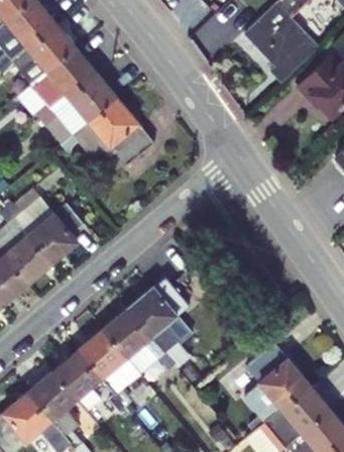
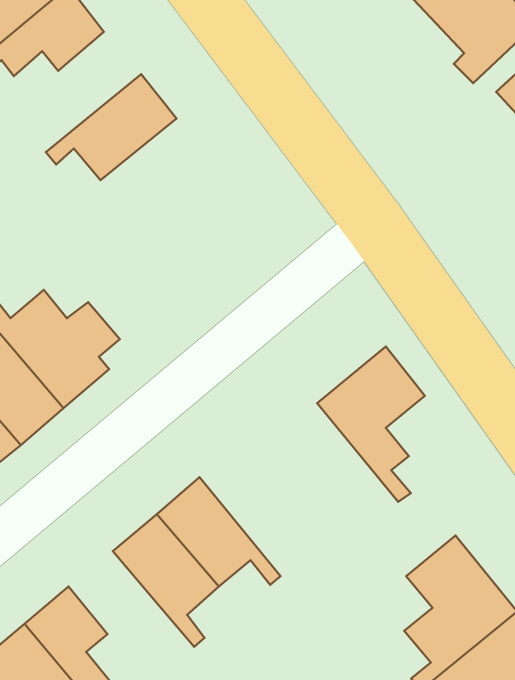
building: [32,50,96,119] -> none
building: [62,100,154,168] -> none
building: [129,272,191,361] -> [317,347,425,502]
building: [54,347,102,407] -> none

